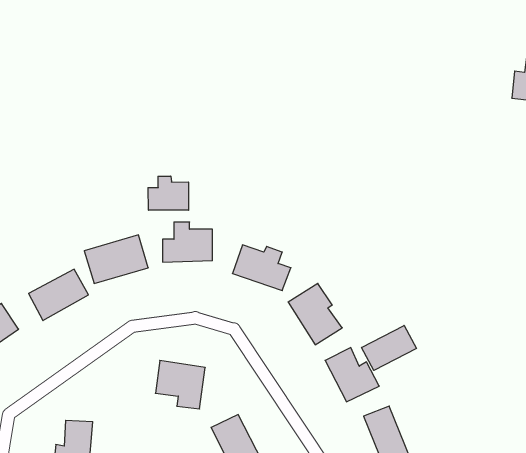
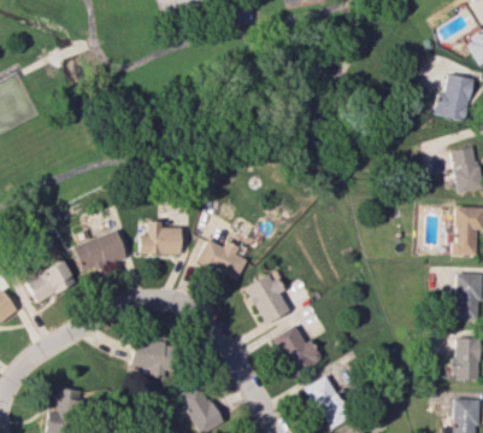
building: [148,176,189,210] -> none
building: [362,325,416,370] -> none

